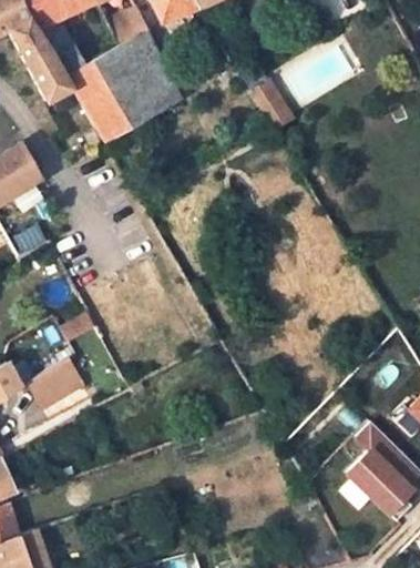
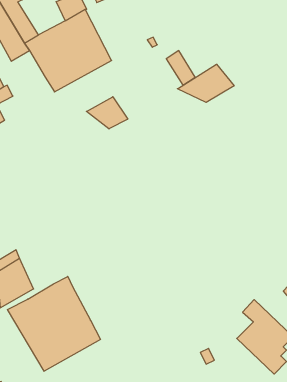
building: none -> [177,64,234,102]
building: none -> [86,97,128,129]
building: none -> [7,276,100,371]

